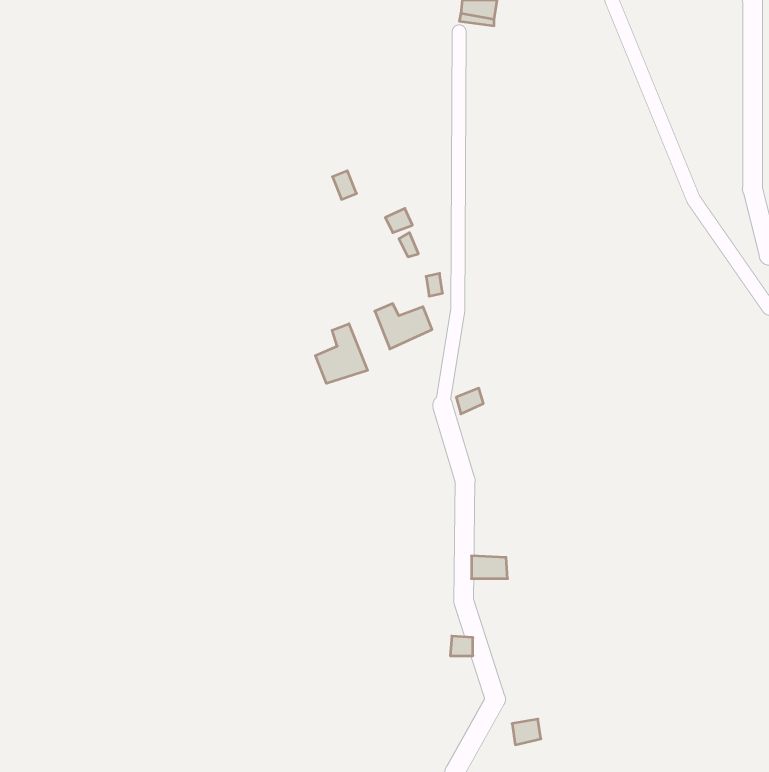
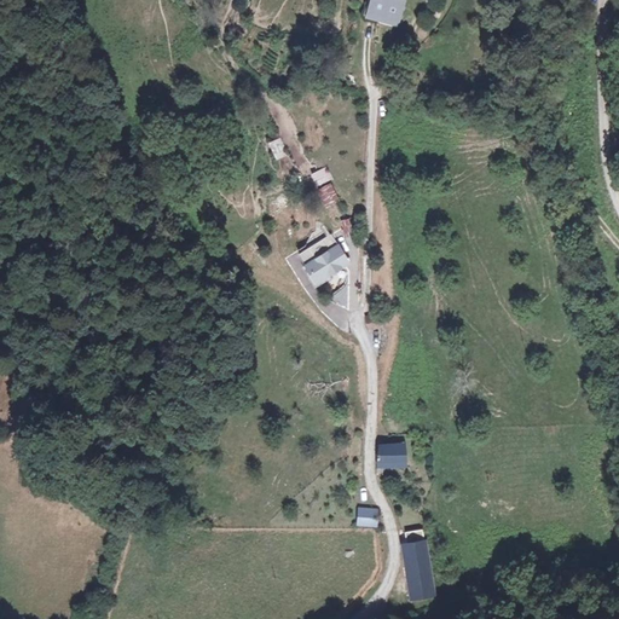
building: [315,324,368,383] -> none
building: none -> [405,538,430,579]

